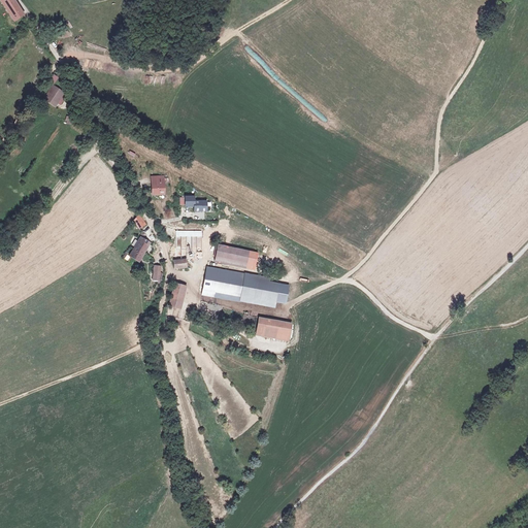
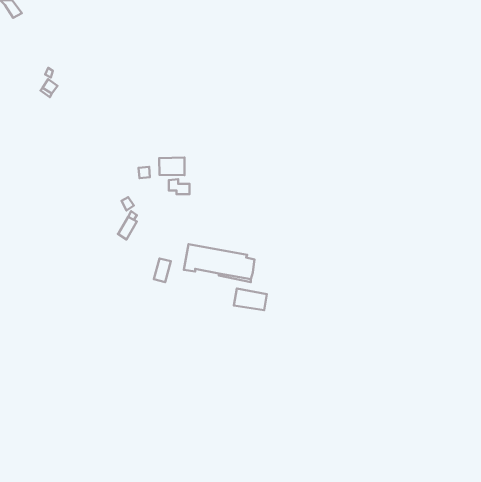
building: none -> [159,158,185,175]
building: [216,244,251,268] -> none

